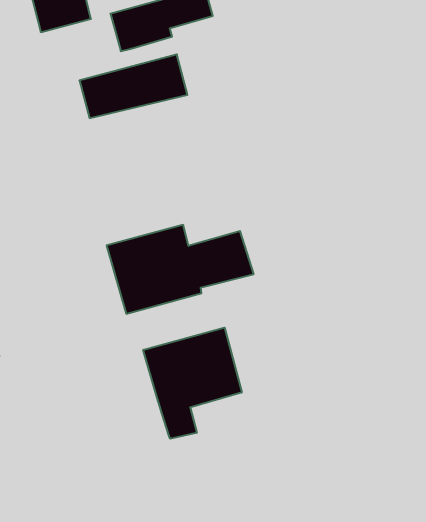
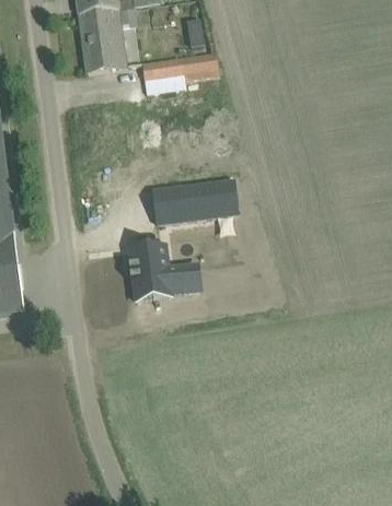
building: [79,54,187,118] -> [155,176,237,216]
building: [143,328,242,439] -> none

